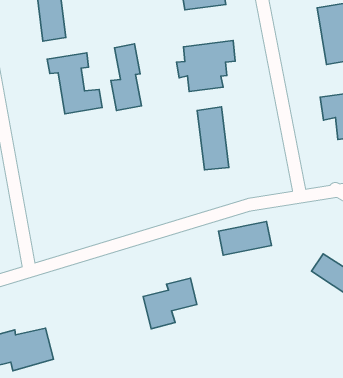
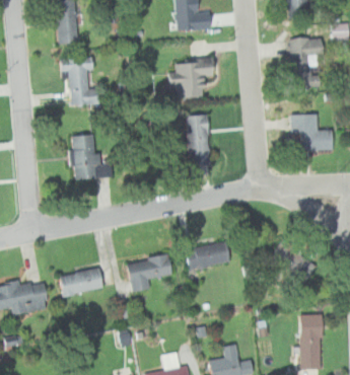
building: [111,44,141,111] -> none
building: none -> [70,134,110,178]
building: [218,221,271,255] -> [183,243,225,268]
building: none -> [57,268,101,295]

